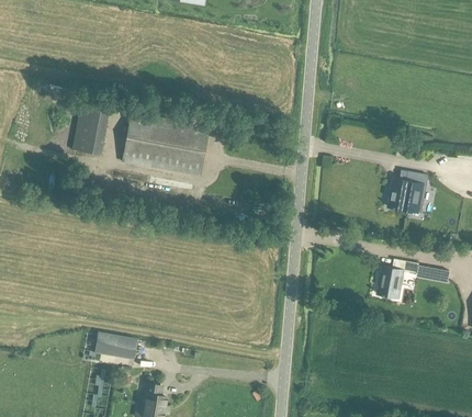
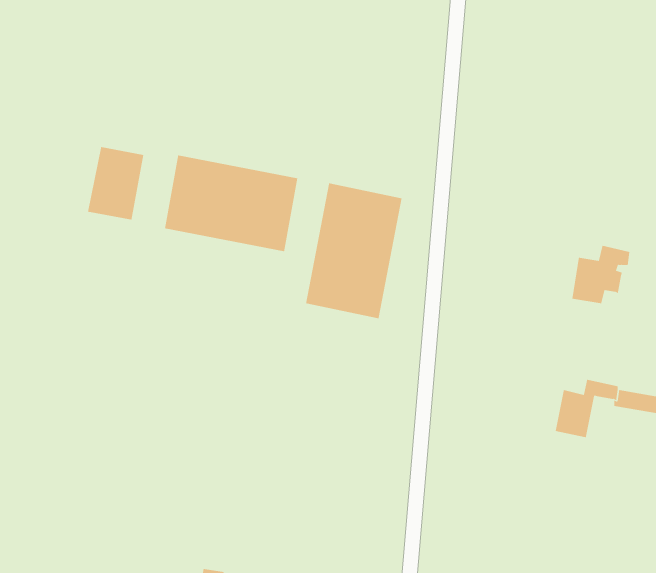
building: none -> [305,183,402,319]
building: [94,333,136,358] -> none

